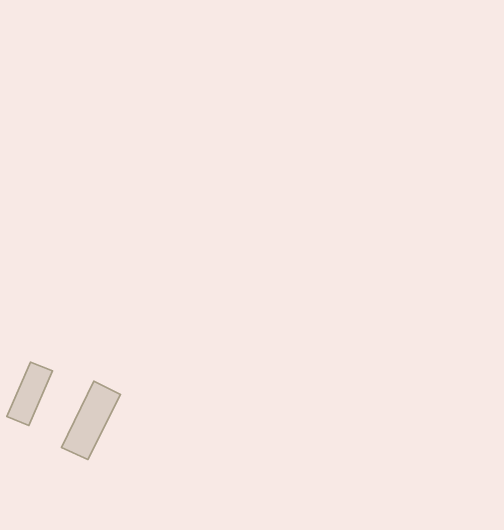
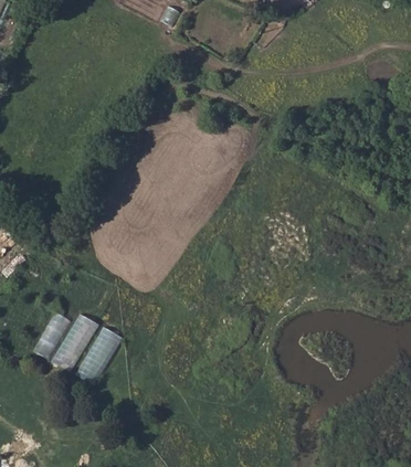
building: none -> [52,314,98,373]

